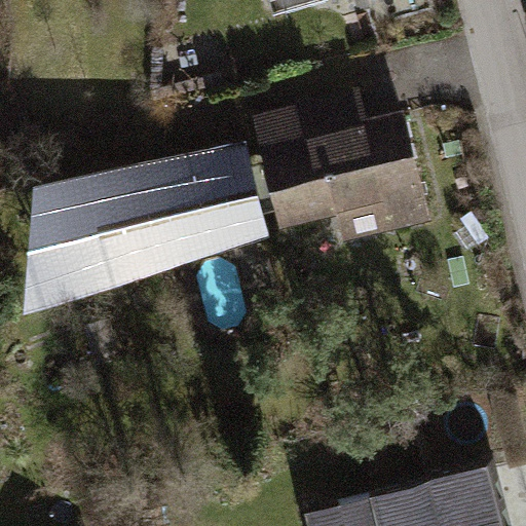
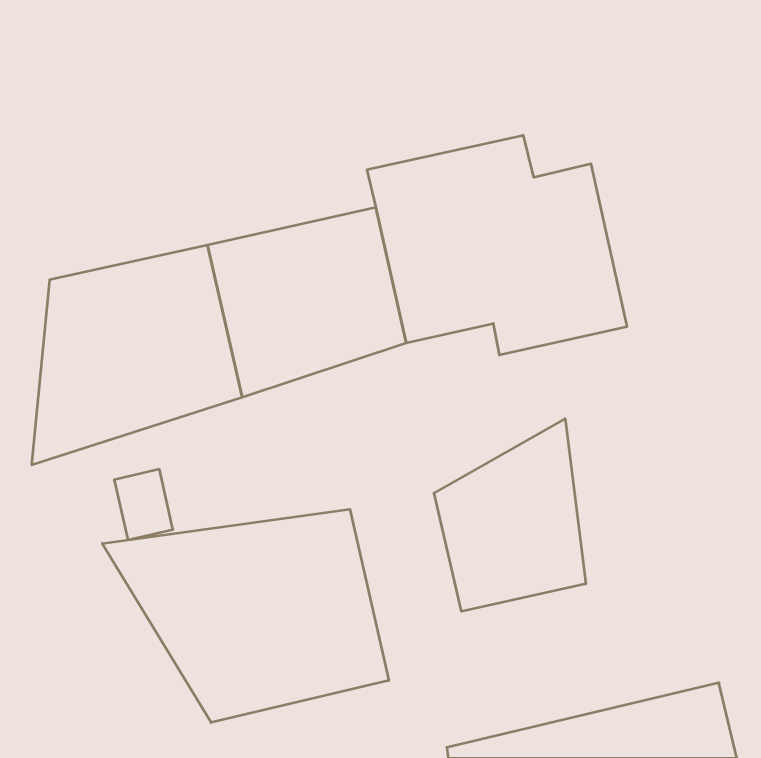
building: none -> [434,419,586,611]
building: none -> [102,509,389,723]

